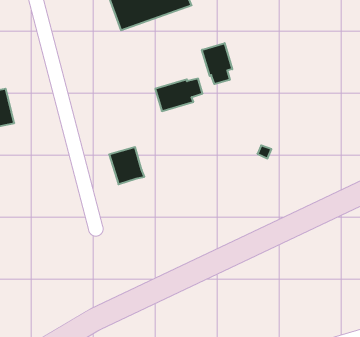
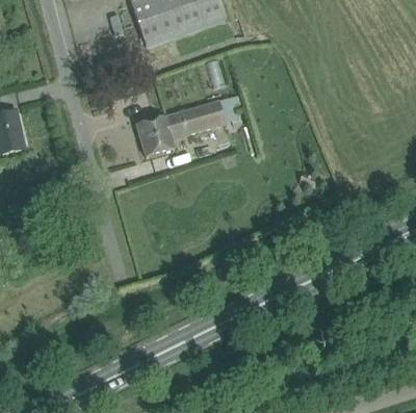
building: [202,43,232,84] -> none
building: [109,147,144,184] -> [136,115,176,157]

